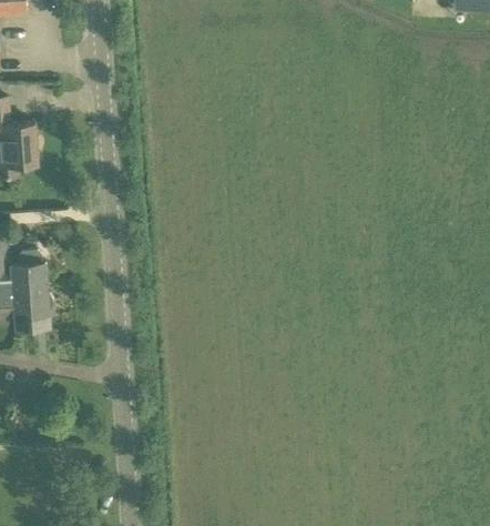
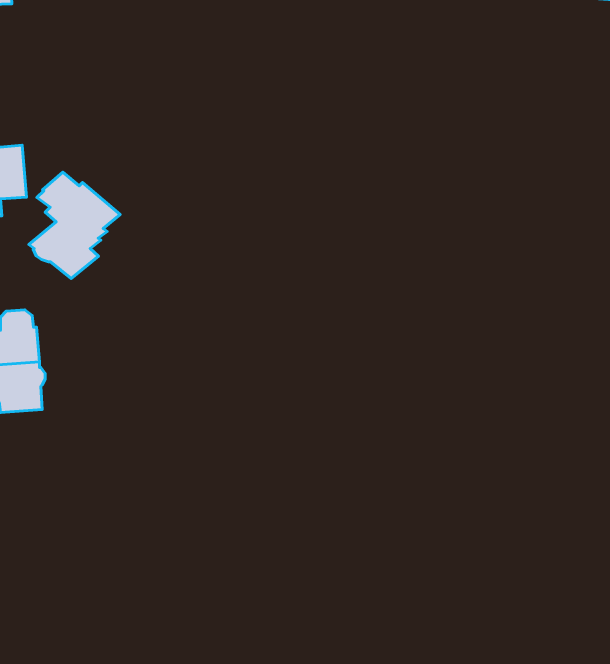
building: none -> [29,172,120,279]

